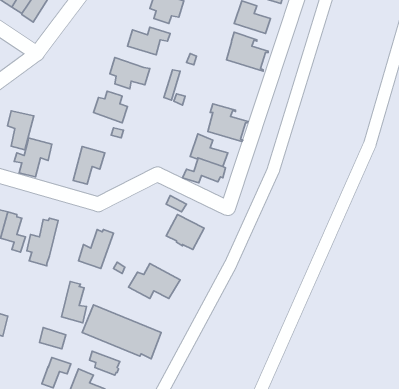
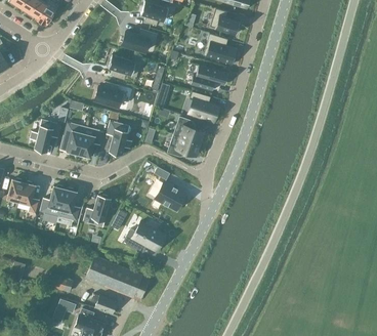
building: none -> [191,66,227,91]
building: [7,111,34,150] -> [64,123,85,155]
building: none -> [107,122,131,155]
building: [62,282,87,323] -> [58,187,79,221]

